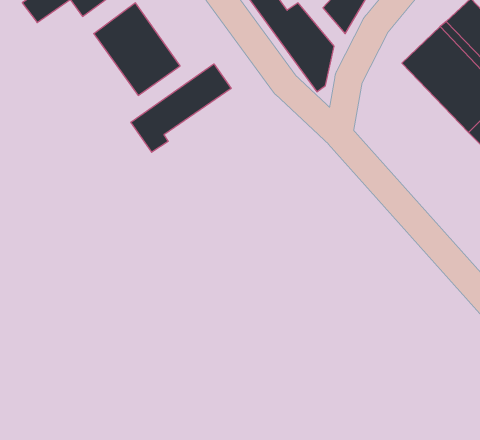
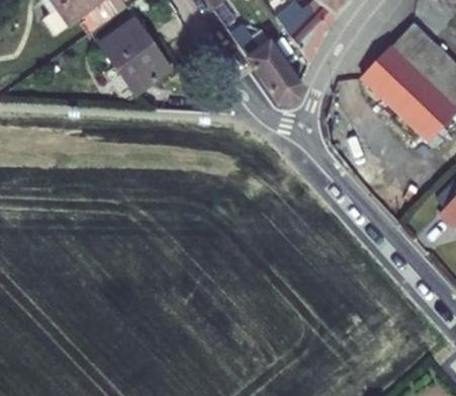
building: [131,64,231,152] -> none

